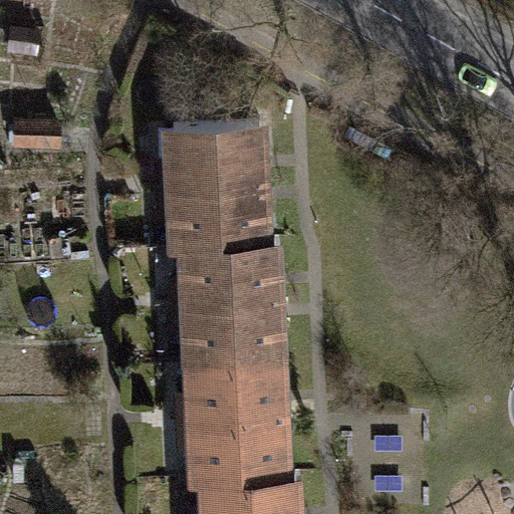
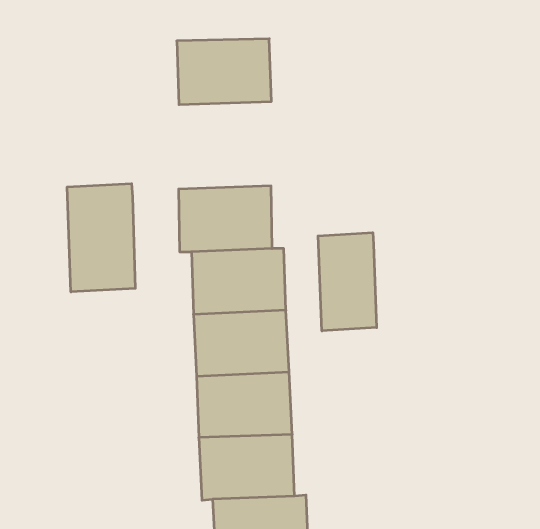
building: [170,130,259,192] -> [177,39,271,105]
building: none -> [67,184,135,292]
building: none -> [318,233,377,331]

